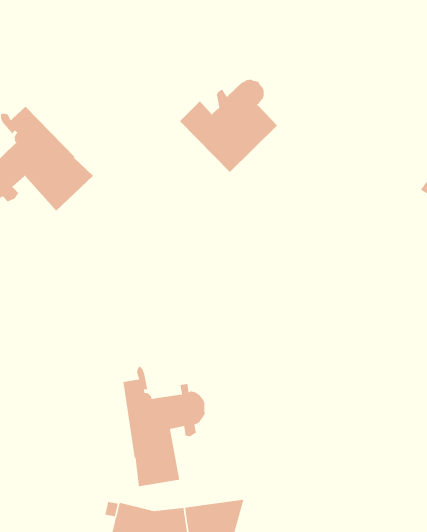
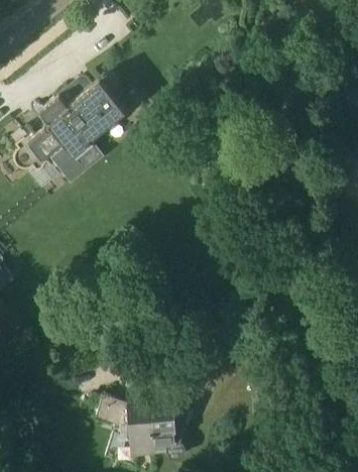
building: [179,79,278,173] -> [54,75,126,142]
building: [122,366,205,487] -> none

